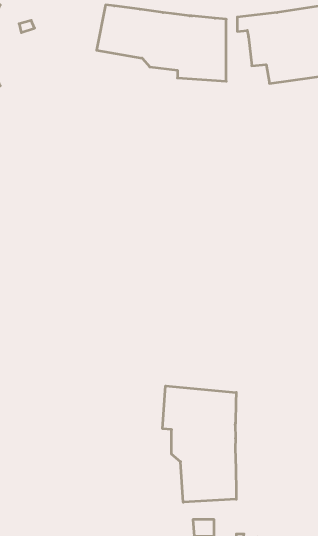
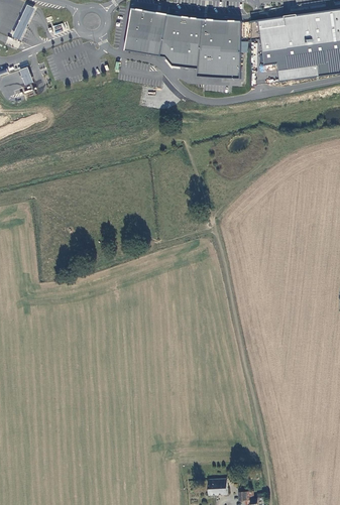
building: [163,386,236,502] -> none

